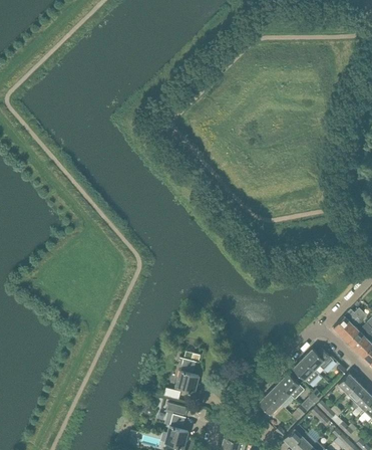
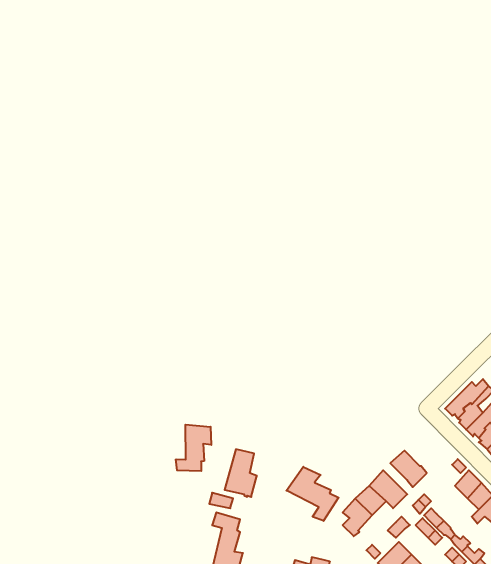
building: none -> [176,425,211,471]
building: [303,350,334,372] -> none
building: none -> [286,467,339,521]

